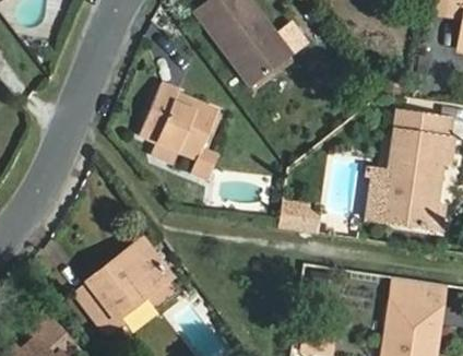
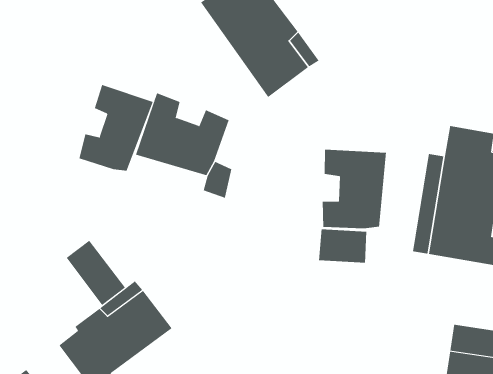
building: none -> [79,84,153,172]
building: none -> [322,149,386,229]
building: none -> [66,240,126,306]

